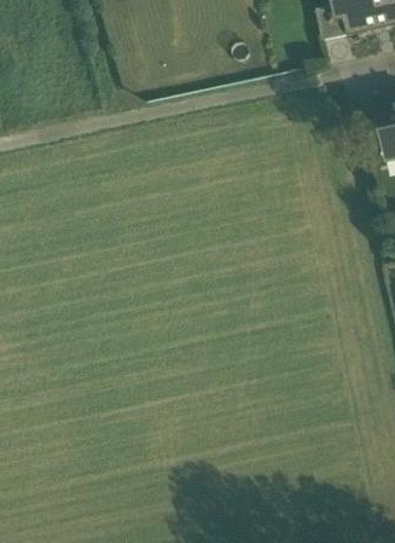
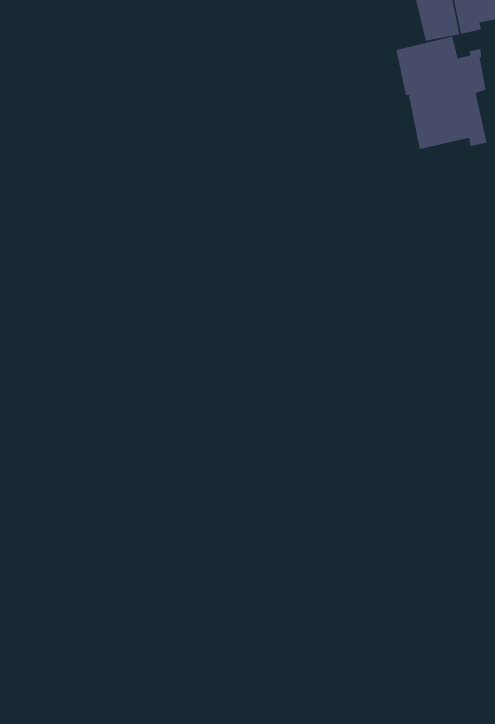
building: none -> [396,36,487,150]

